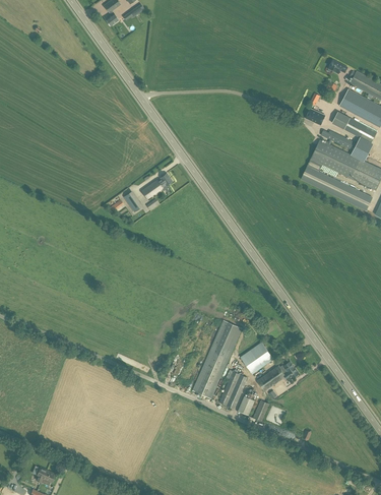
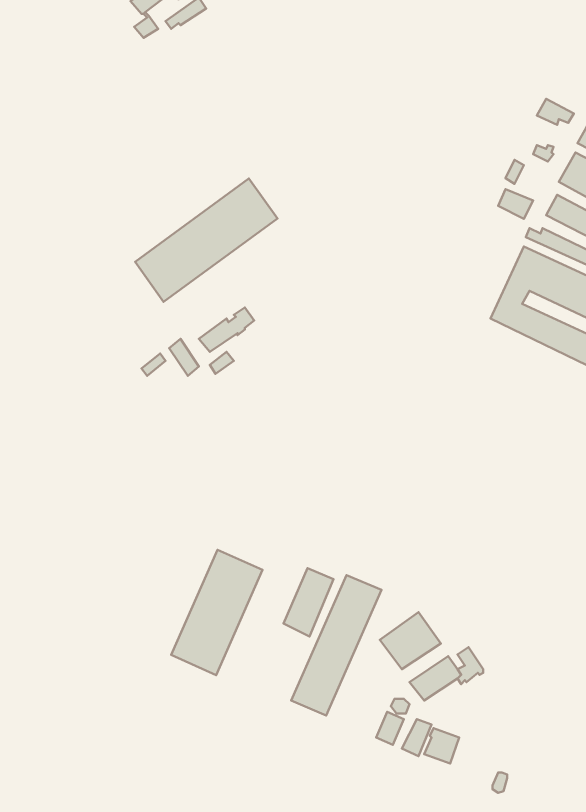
building: none -> [135,178,278,302]
building: none -> [171,550,262,675]
building: [218,371,246,409] -> [284,568,333,636]

